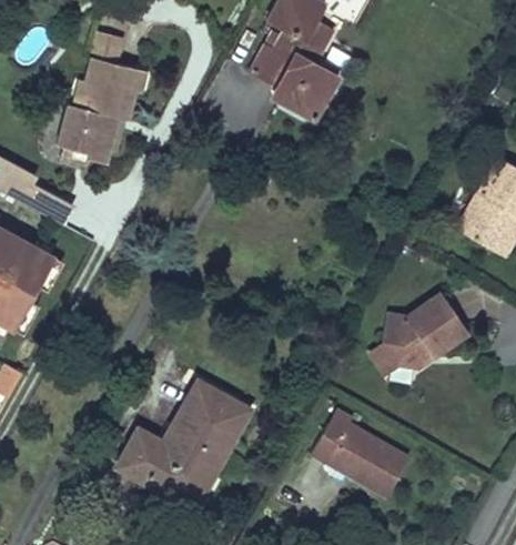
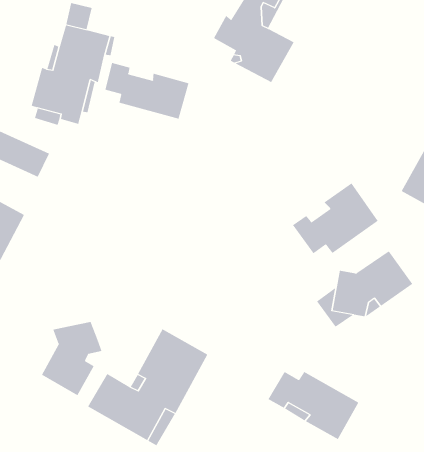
building: none -> [105,62,189,119]
building: none -> [292,182,379,254]
building: none -> [41,321,102,396]

